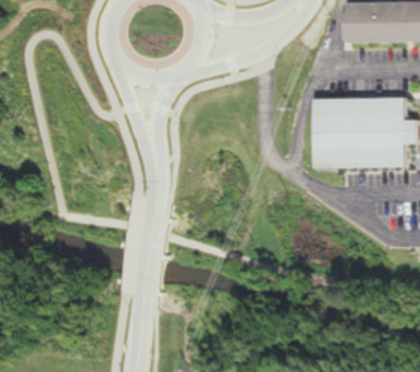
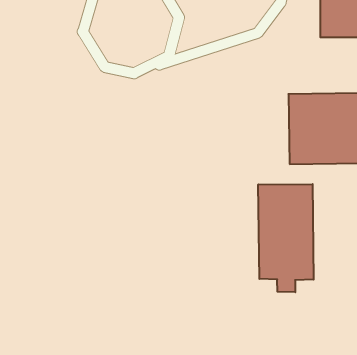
building: none -> [258,184,314,292]

